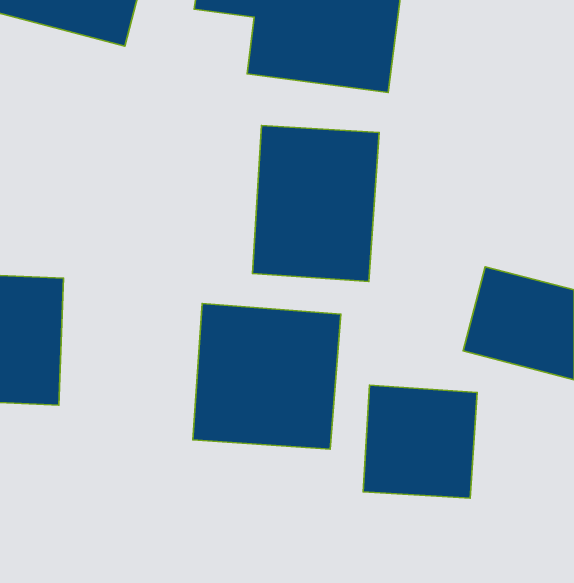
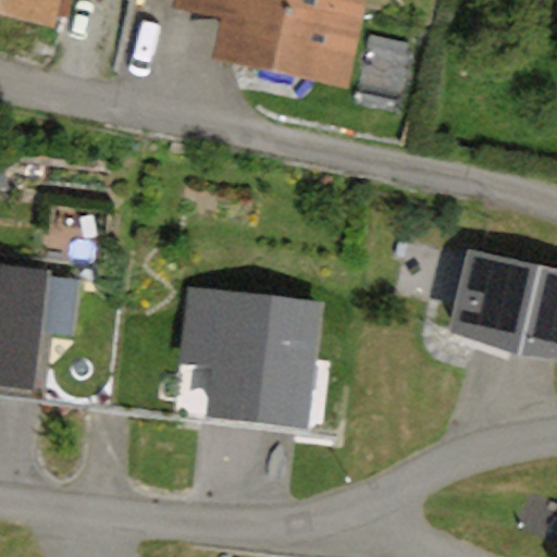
building: [252,126,379,281] -> none
building: [363,385,477,498] -> none

